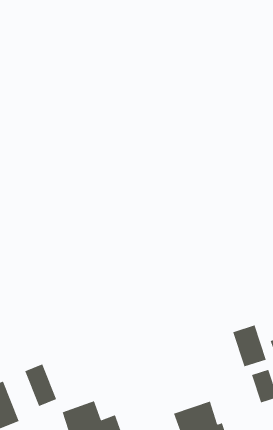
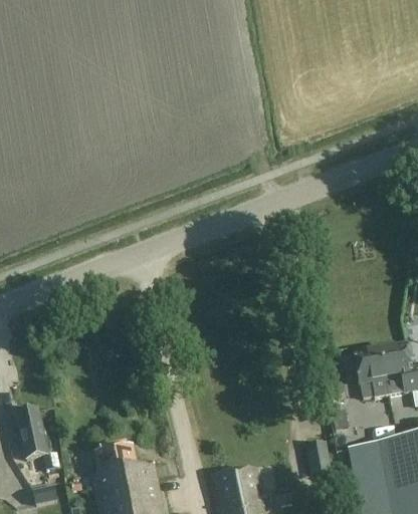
building: [233,324,266,367] -> none
building: [24,364,57,407] -> none

